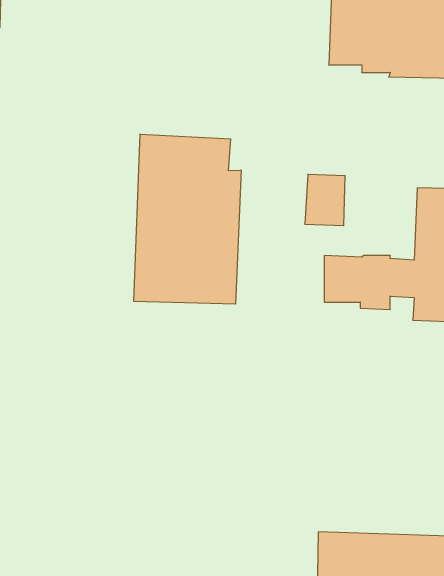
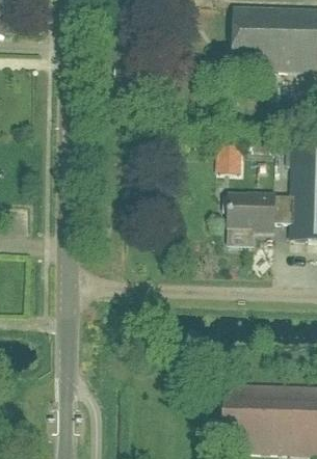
building: [134,134,241,304] -> none

